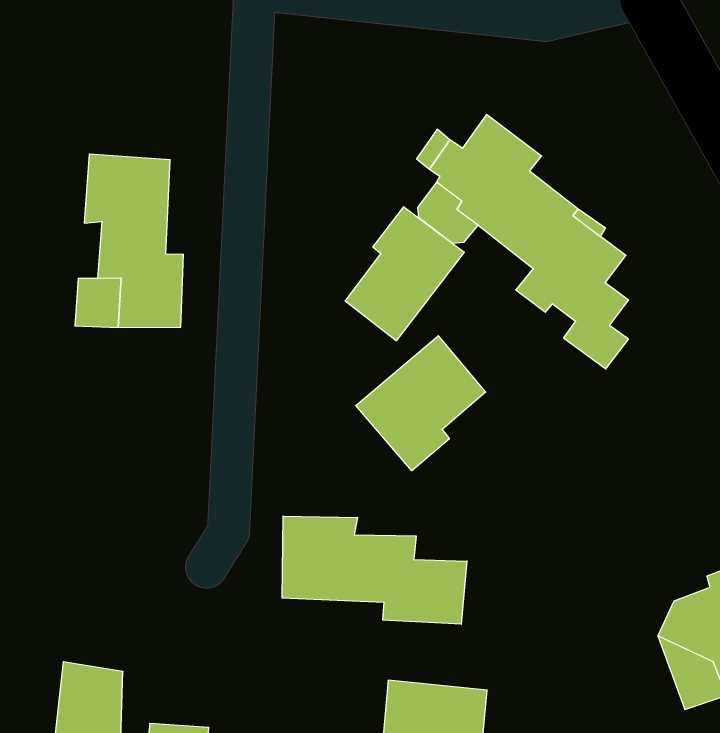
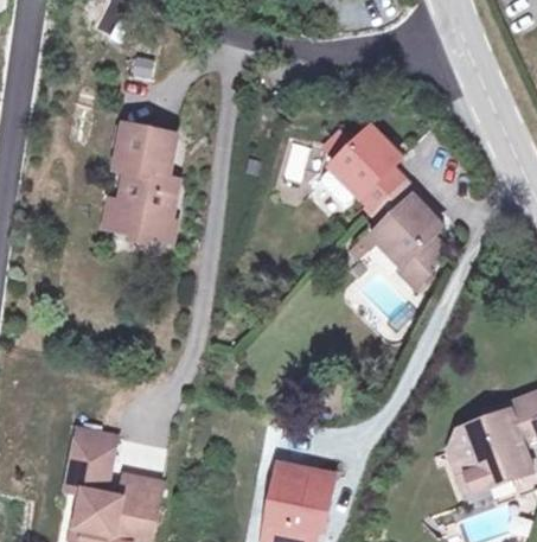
building: [345,207,464,341] -> none
building: [356,336,486,471] -> none
building: [282,516,467,624] -> none

